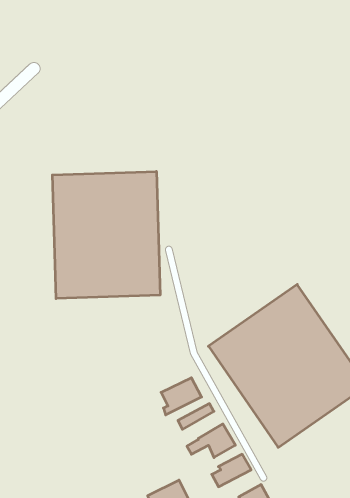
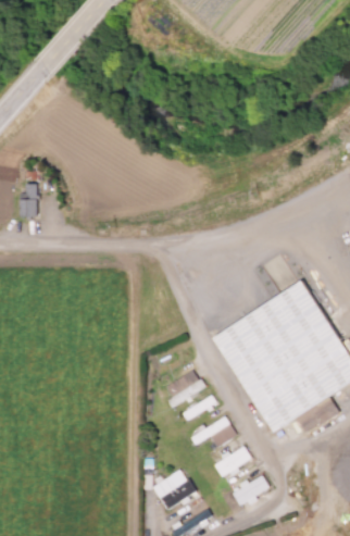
building: [52,171,160,299] -> none
building: none -> [20,183,38,215]

